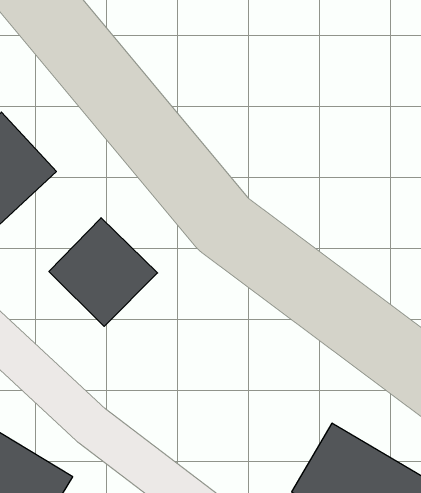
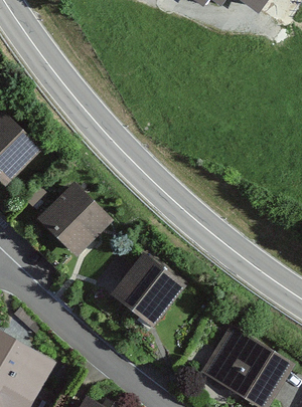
building: none -> [112,249,187,325]

